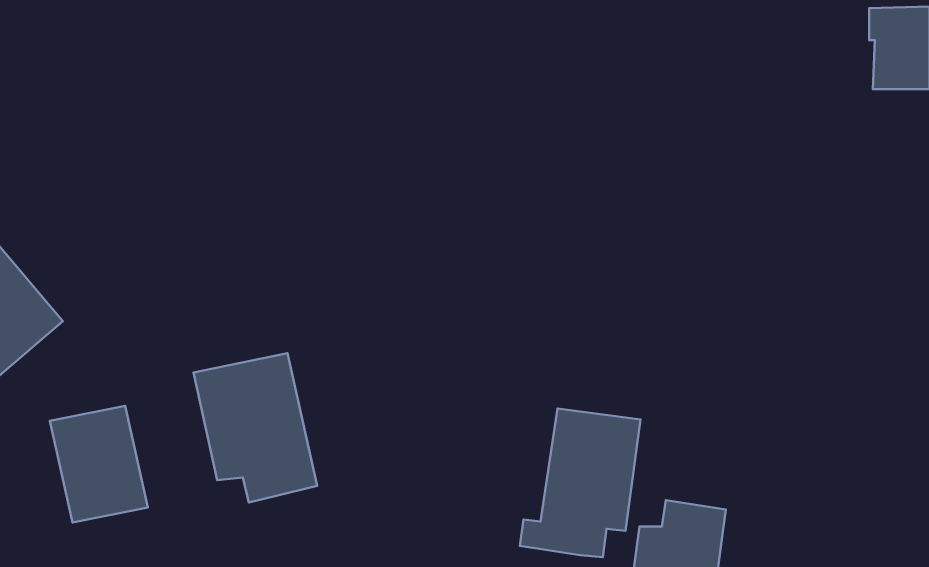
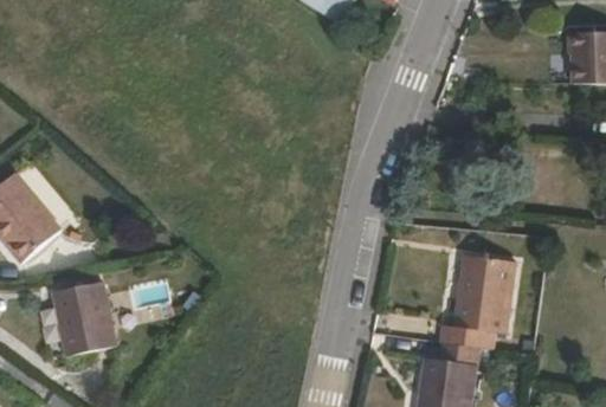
building: [193,353,317,502] -> none
building: [520,408,640,557] -> [439,256,515,349]

